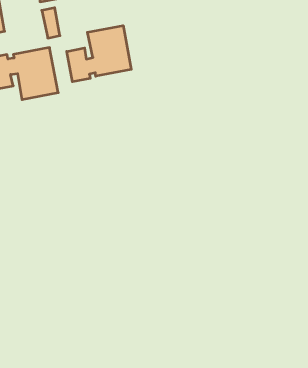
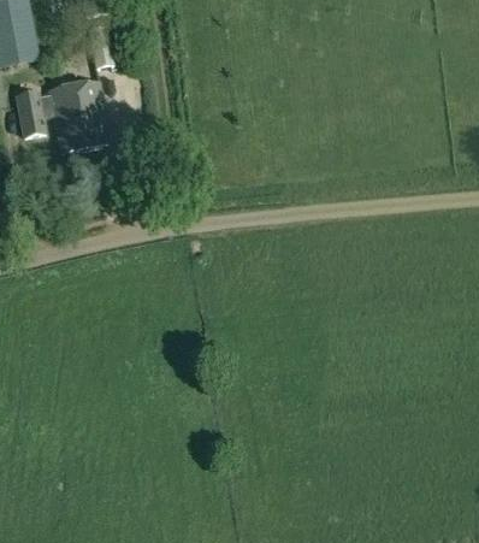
building: [67,26,131,82] -> none

